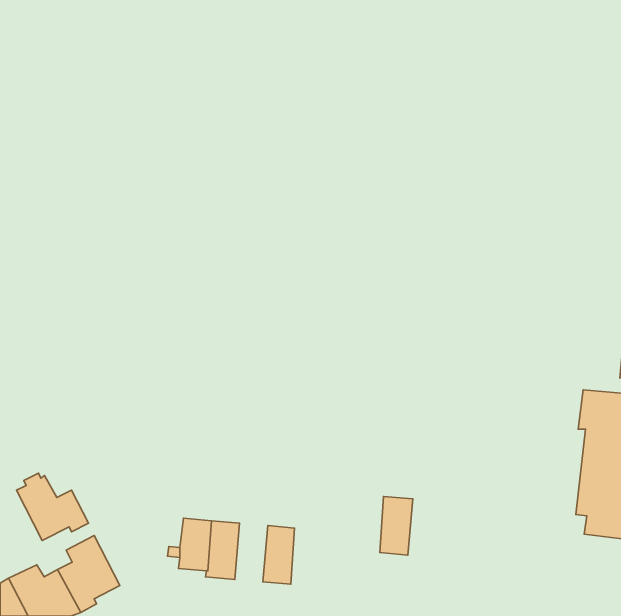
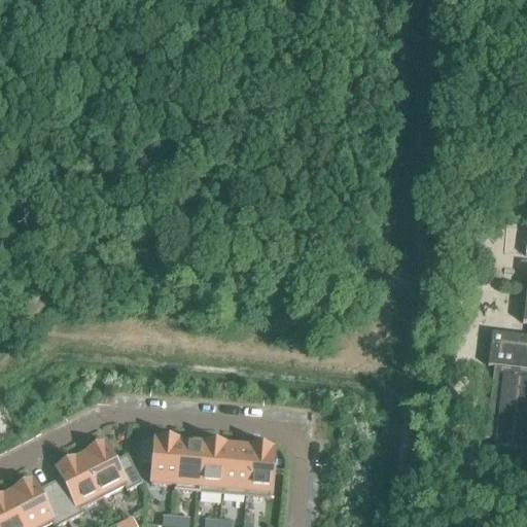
building: [16,473,89,540] -> [82,436,143,493]
building: [380,496,413,555] -> [248,445,276,494]
building: none -> [201,438,229,490]

